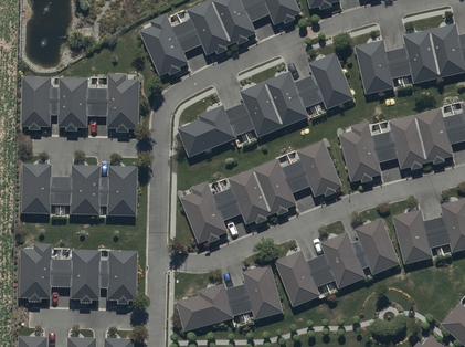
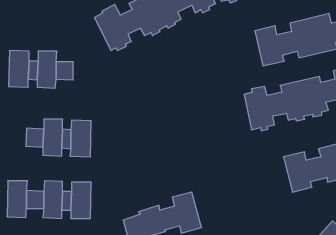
building: [177,54,355,158] -> none
building: [108,77,136,127] -> none
building: [180,139,344,243] -> none
building: [20,166,46,215] -> none
building: [274,219,401,307] -> none

